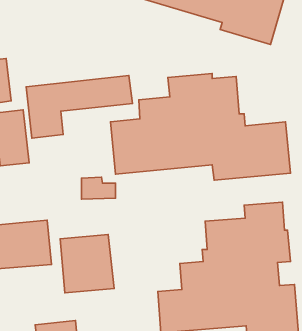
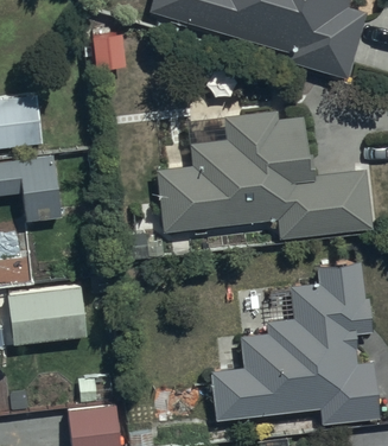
building: [26,75,132,138] -> none
building: [60,234,114,293] -> none

